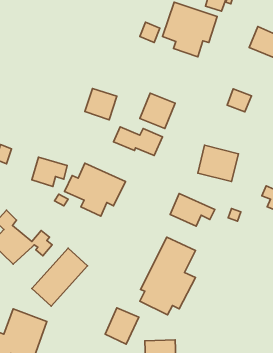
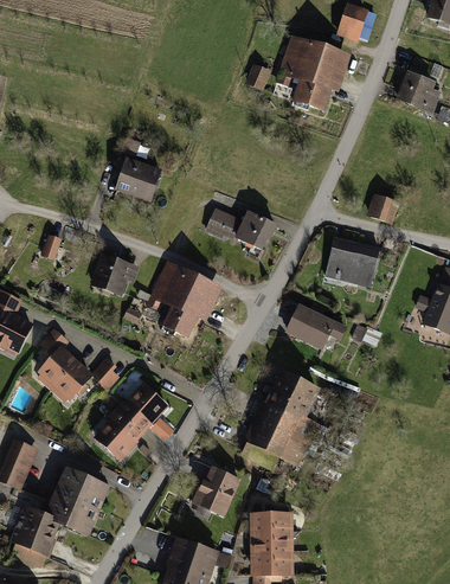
building: [85,89,117,120] -> [116,159,161,203]
building: [227,89,252,112] -> [366,193,400,225]
building: [140,93,175,128] -> none

